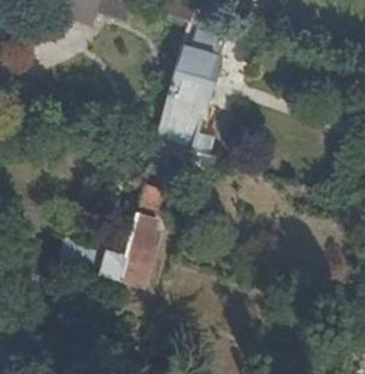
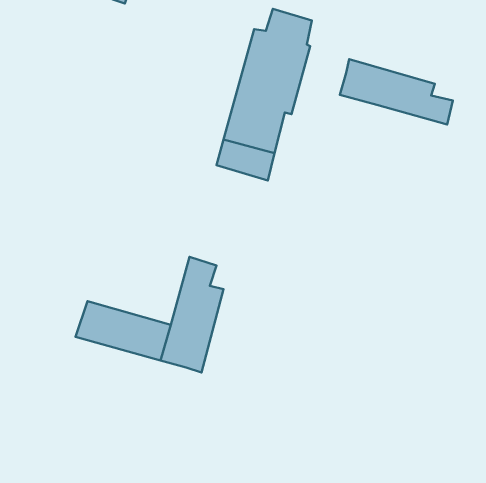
building: none -> [340,59,453,125]

